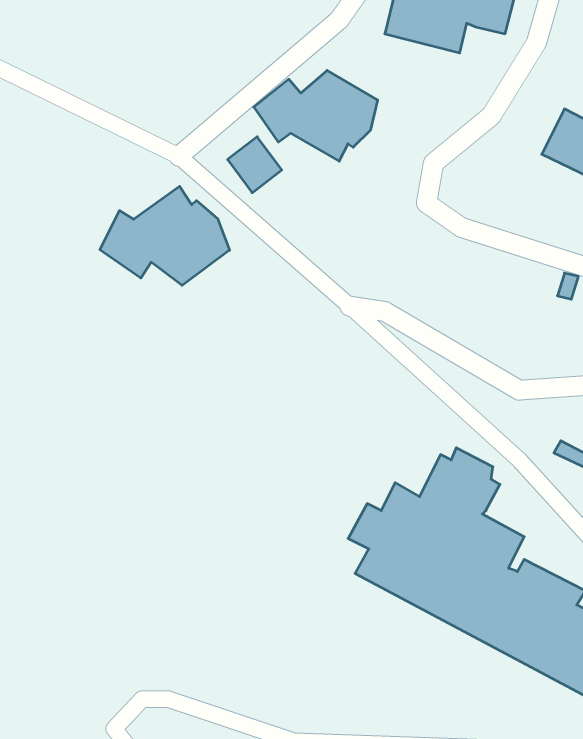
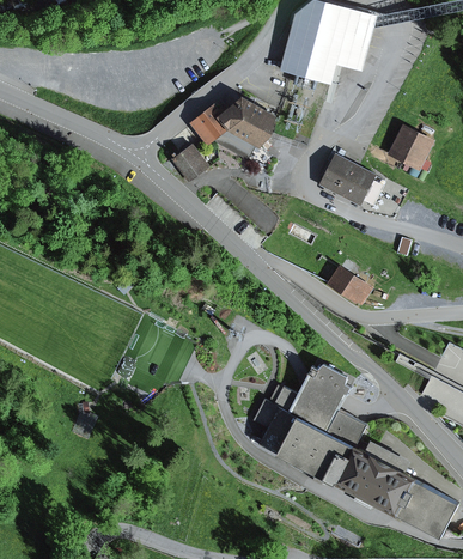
building: none -> [317,154,376,207]
building: [100,186,230,285] -> none
building: none -> [327,267,372,306]

